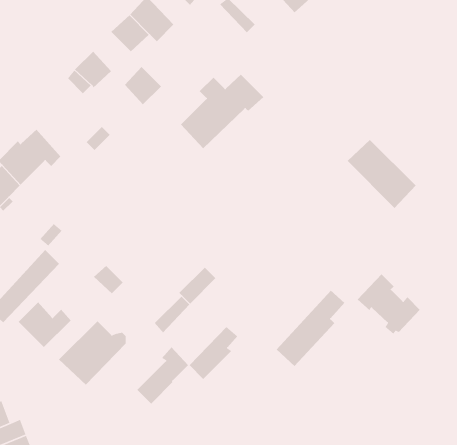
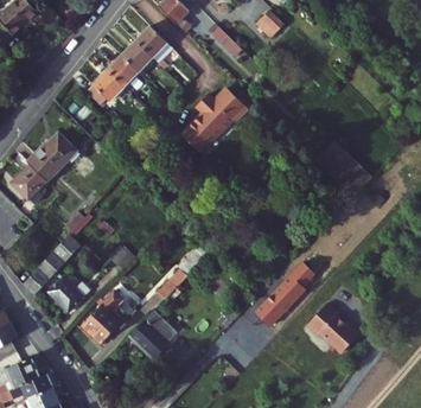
building: [124,66,162,105] -> [106,56,136,88]
building: [357,273,421,334] -> [307,306,359,356]
building: [189,326,238,380] -> [129,305,170,349]

